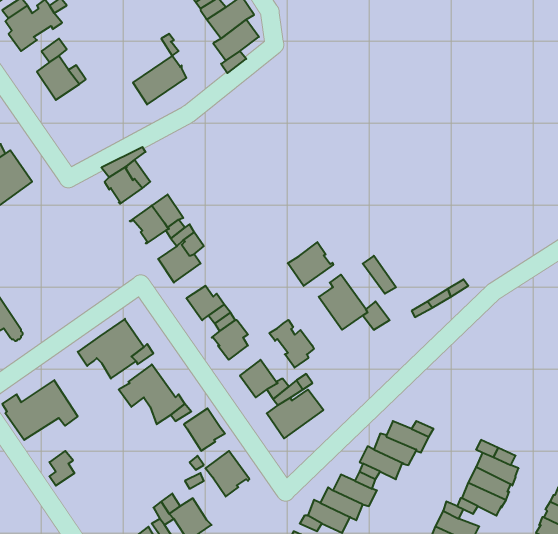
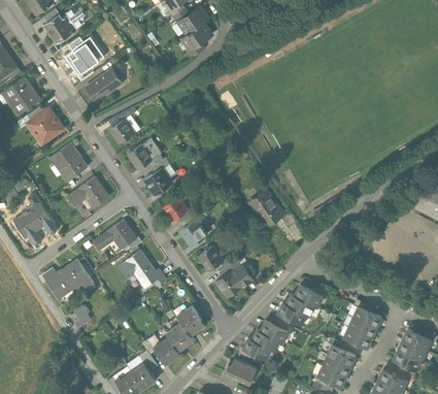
building: [133,56,186,105] -> [87,69,122,101]
building: none -> [49,142,88,180]
building: [288,242,333,286] -> none
building: none -> [67,176,108,207]
building: [269,320,314,368] -> none
building: [184,408,225,451] -> [166,323,193,351]

